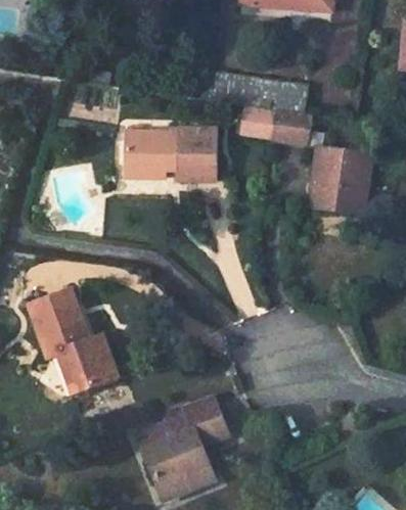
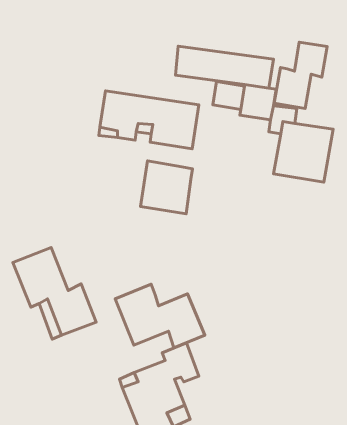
building: none -> [274,42,327,109]
building: none -> [141,161,193,214]
building: none -> [115,284,205,348]

